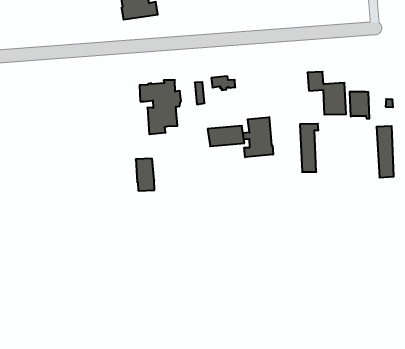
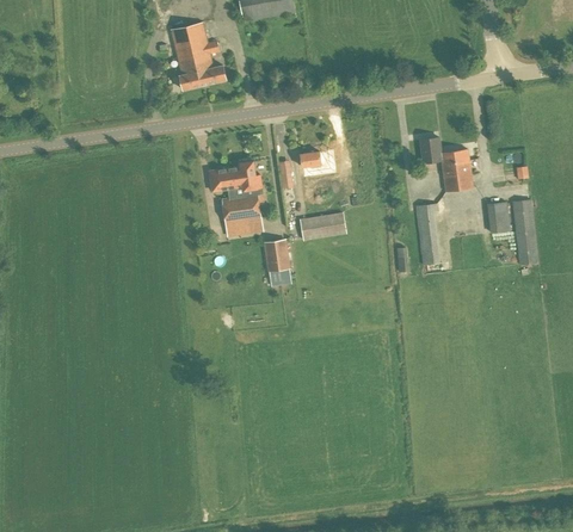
building: [350,92,369,119] -> [486,202,513,235]
building: [243,117,273,157] -> none
building: [136,159,154,191] -> [264,240,290,282]

